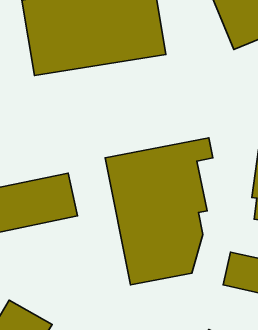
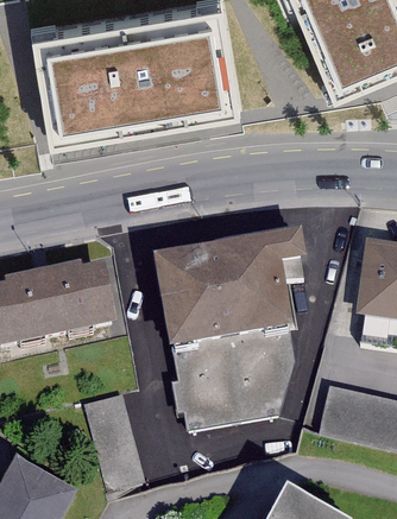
building: none -> [83,395,140,488]

